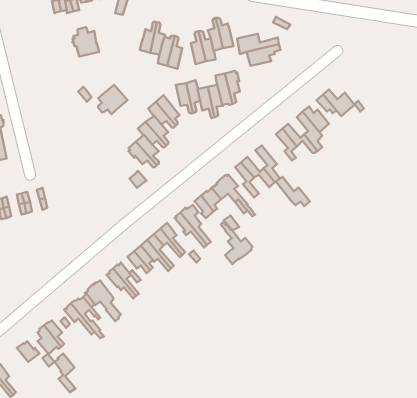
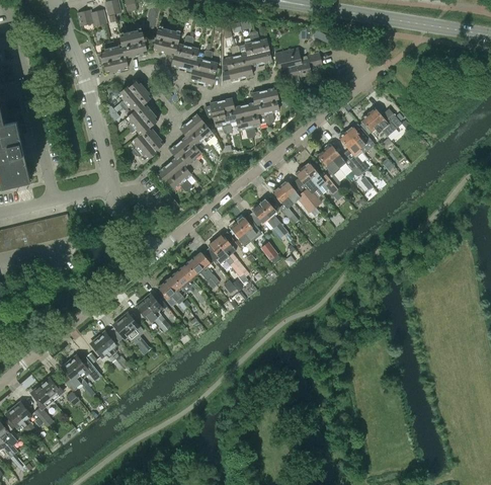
building: none -> [153,23,179,56]
building: none -> [119,25,147,58]
building: none -> [119,80,152,111]
building: none -> [132,127,164,158]
building: [276,177,310,206] -> [302,163,338,194]
building: [221,222,253,264] -> none
building: [55,353,75,392] -> [30,385,53,426]

